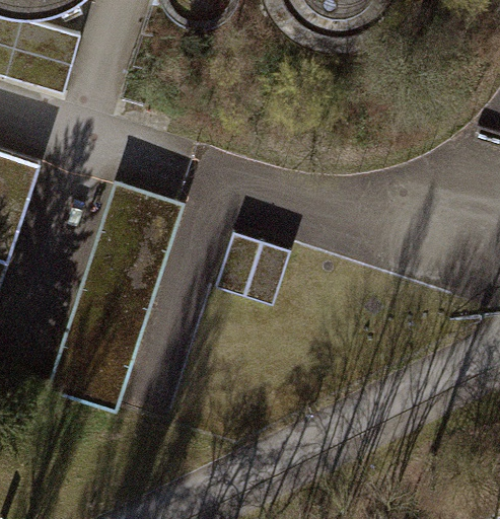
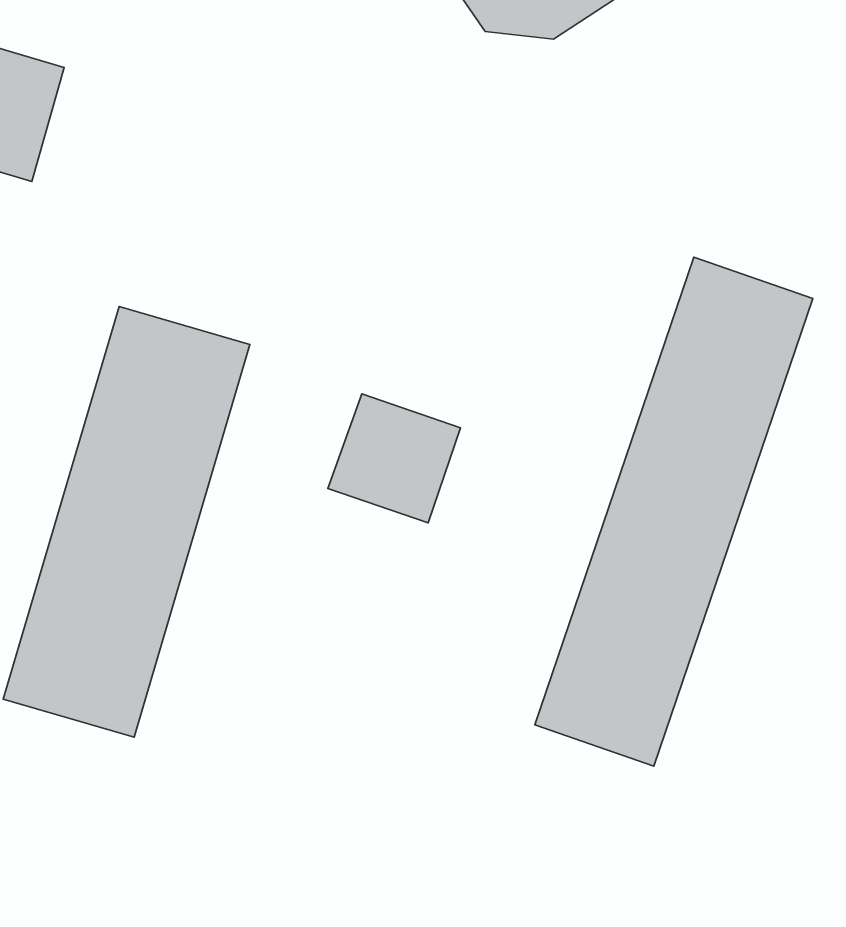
building: none -> [535,257,813,766]

